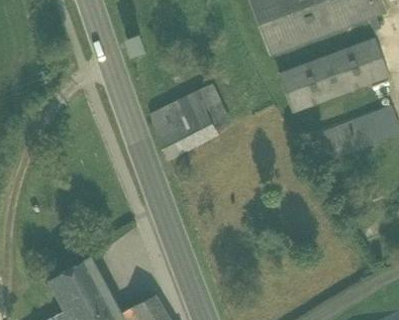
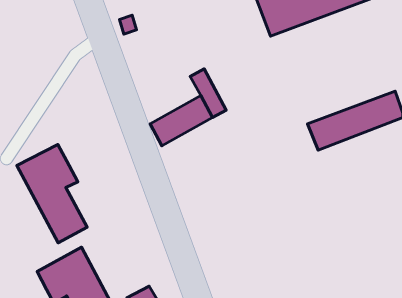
building: [279,36,389,111] -> none
building: [148,92,204,137] -> none
building: none -> [17,144,87,243]

